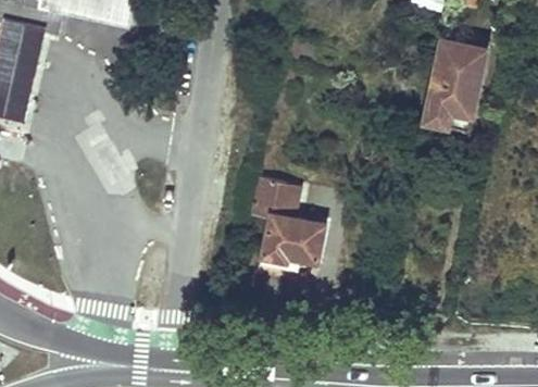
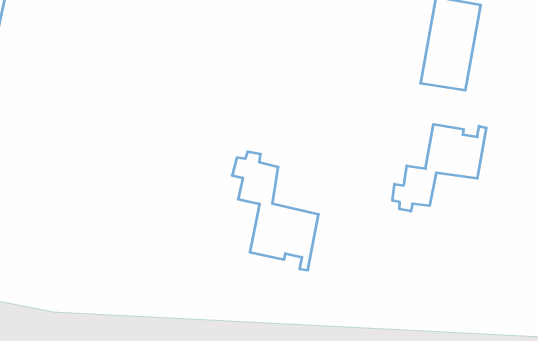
building: none -> [393,124,486,211]

